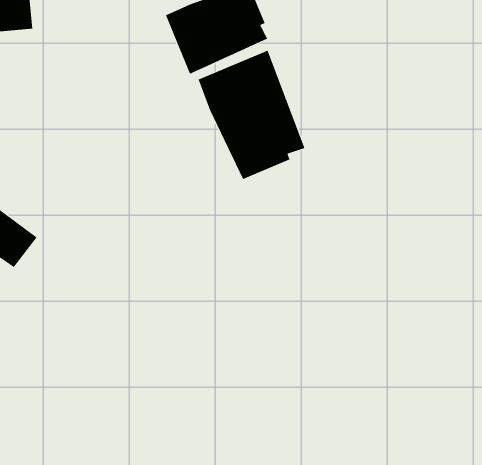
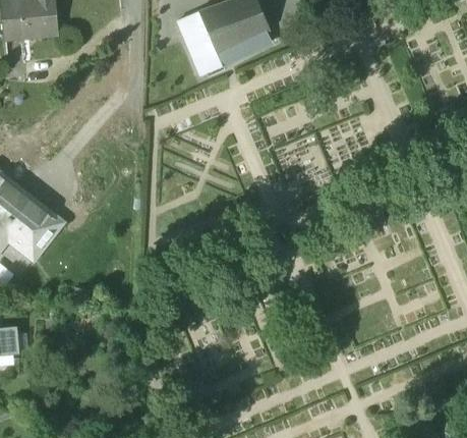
building: [198,50,305,180] -> none

